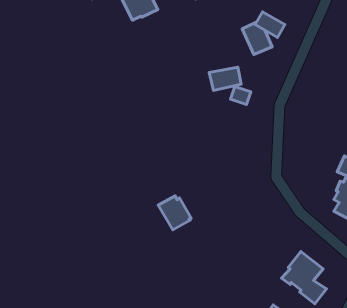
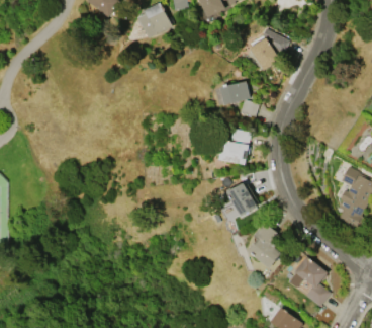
building: none -> [219,130,251,165]
building: [158,196,191,230] -> [227,183,259,216]
building: none -> [248,223,281,269]

